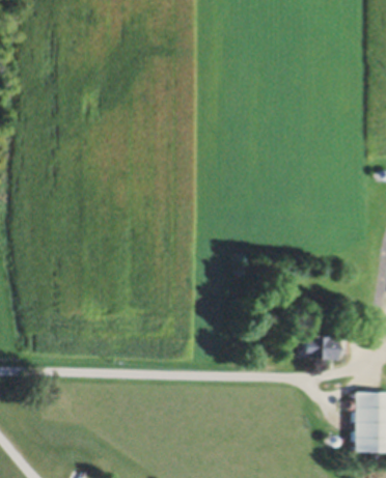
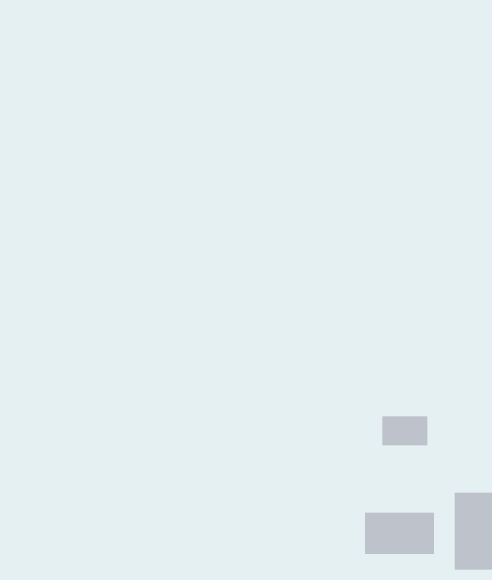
building: none -> [365,512,434,555]

